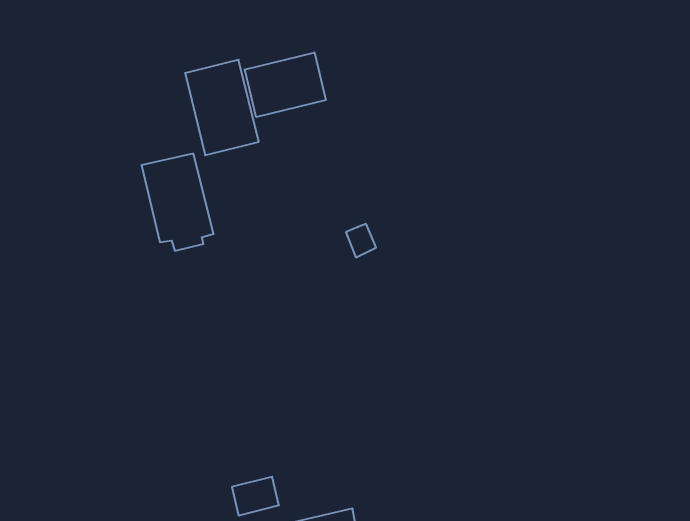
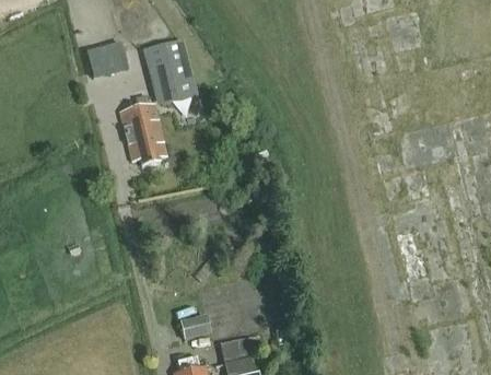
building: [245,52,326,117] -> none
building: none -> [86,40,128,75]

